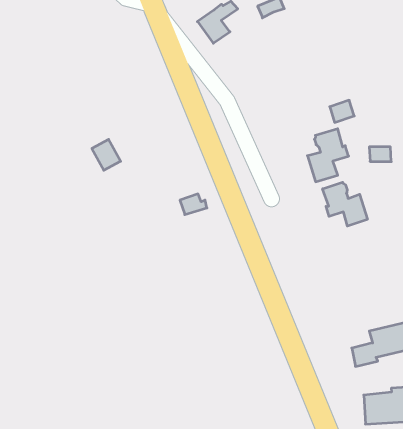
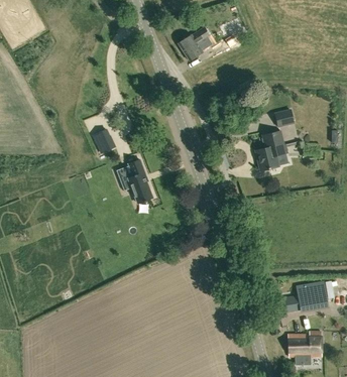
building: none -> [116,159,152,204]
building: [323,182,367,226] -> none

